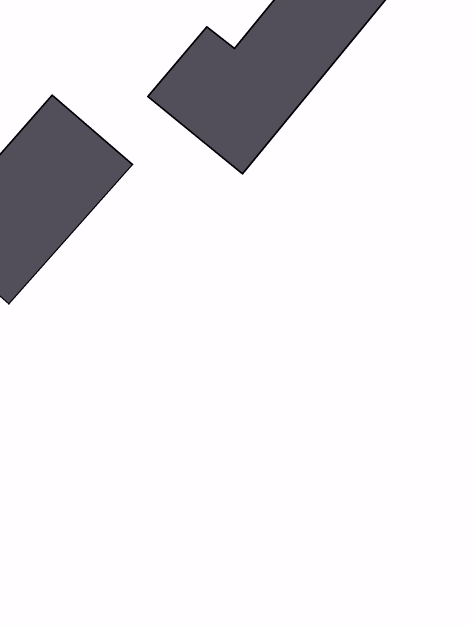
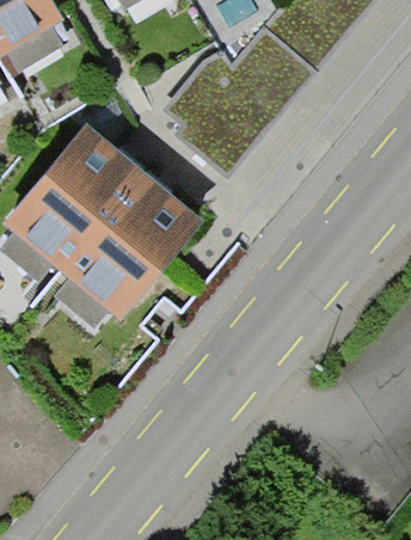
building: none -> [44,171,201,332]

